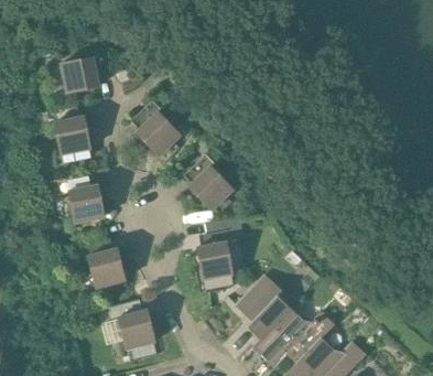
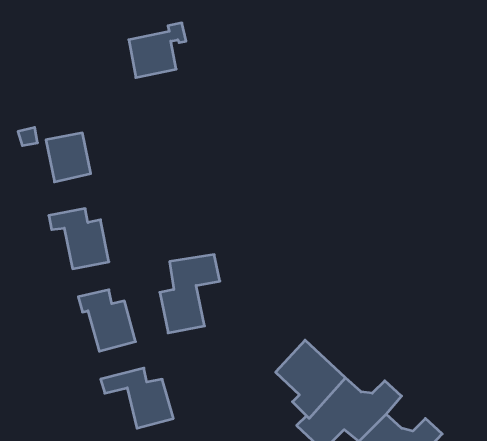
building: [62,51,107,94] -> [129,23,186,78]
building: [137,112,181,157] -> none
building: [190,166,234,211] -> none
building: [197,218,245,280] -> [160,255,220,333]

